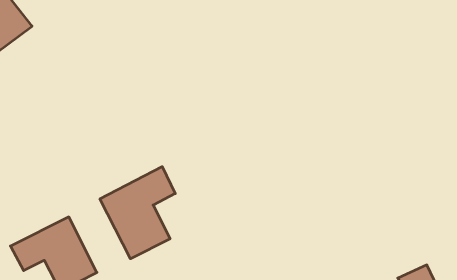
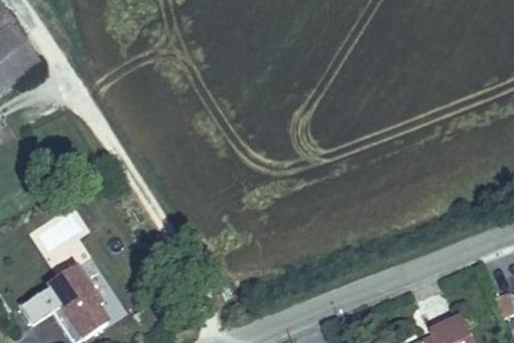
building: [100,167,175,259] -> none

